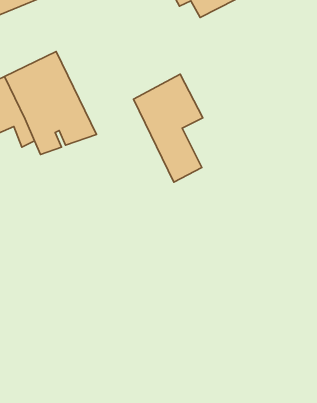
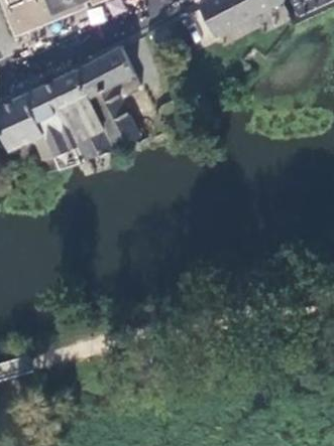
building: [134,74,203,182] -> [74,45,141,150]

